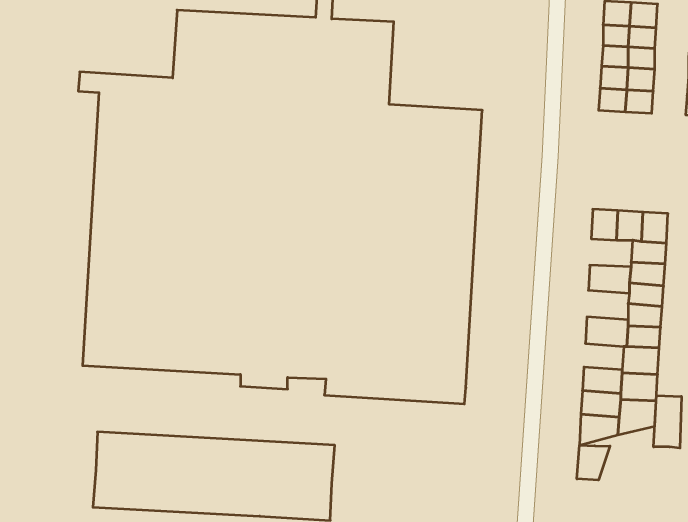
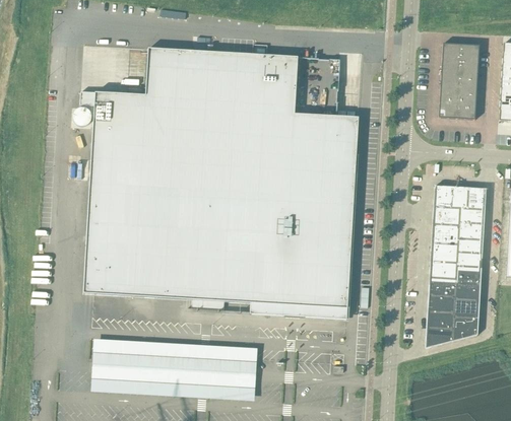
building: none -> [433,205,462,224]
building: none -> [431,240,460,261]
building: none -> [429,277,456,295]
building: [654,395,681,448] -> none
building: [577,445,610,480] -> none

